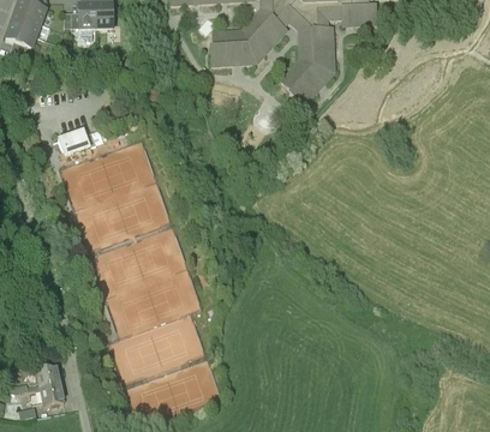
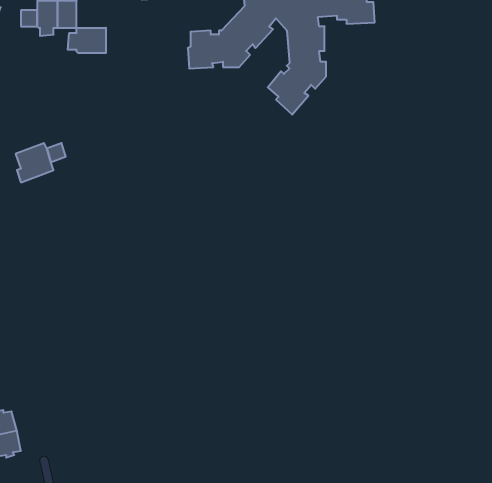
building: none -> [68,28,106,53]

